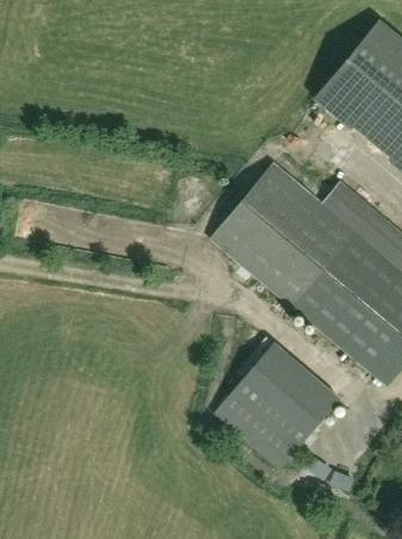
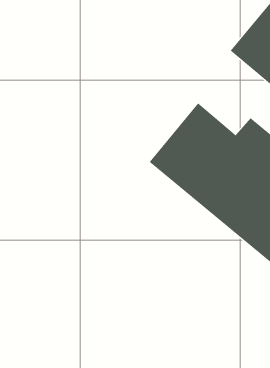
building: [215,342,340,469] -> none

